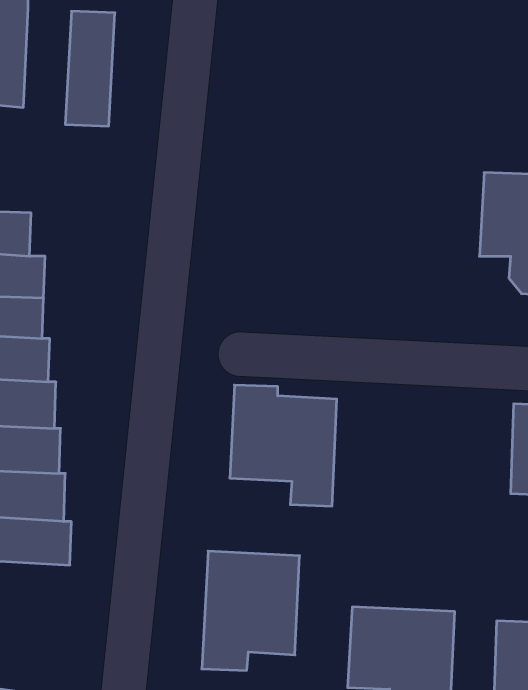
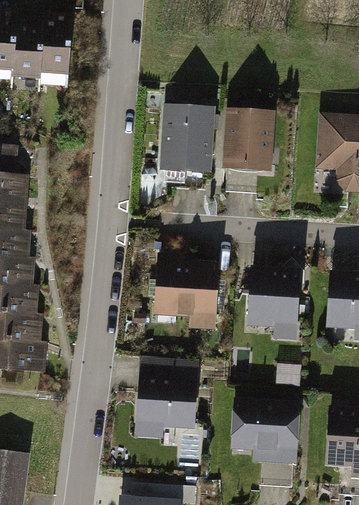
building: none -> [17,12,49,87]
building: none -> [159,103,214,177]
building: none -> [220,111,272,177]
building: none -> [247,267,301,339]

